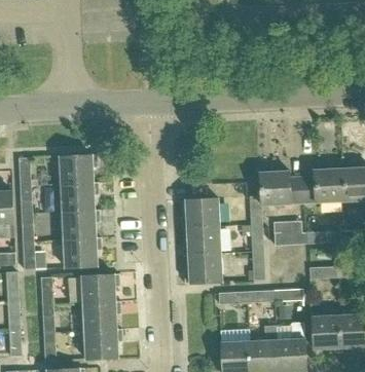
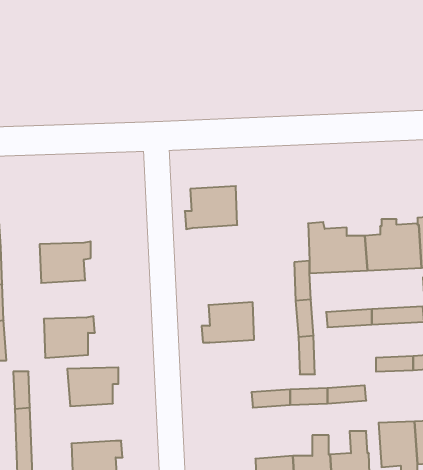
building: [59,154,97,183] -> none
building: [179,197,218,229] -> [185,186,237,229]
building: [61,210,99,238] -> none
building: [182,254,221,283] -> none
building: [82,301,119,331] -> none

